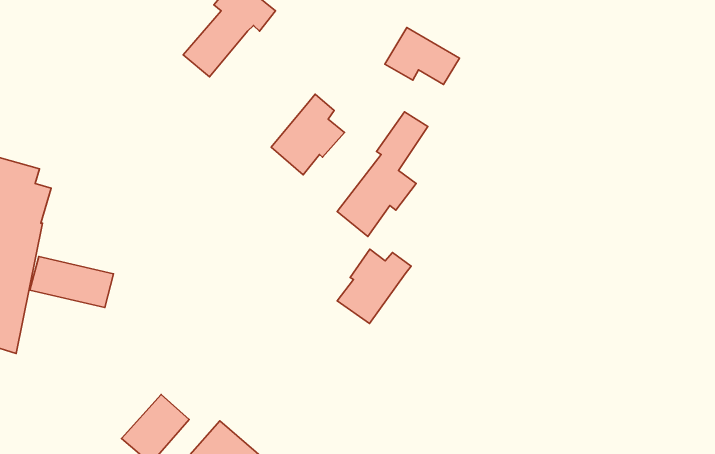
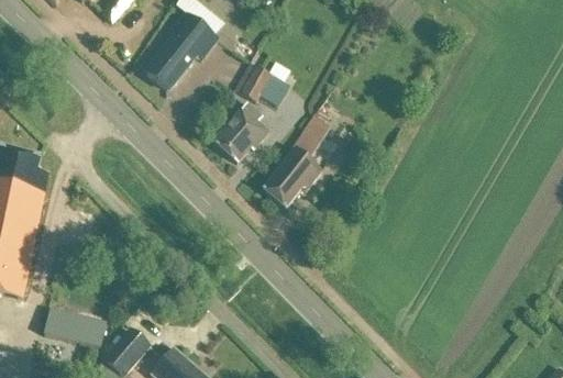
building: [385,27,460,85] -> [233,63,289,105]
building: [337,249,411,323] -> none
building: [30,256,113,308] -> [43,309,106,347]

